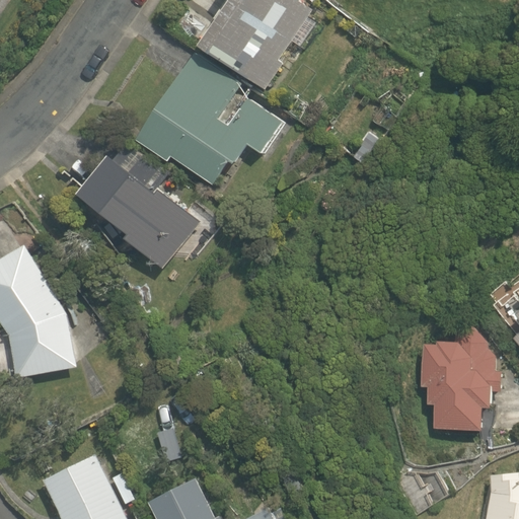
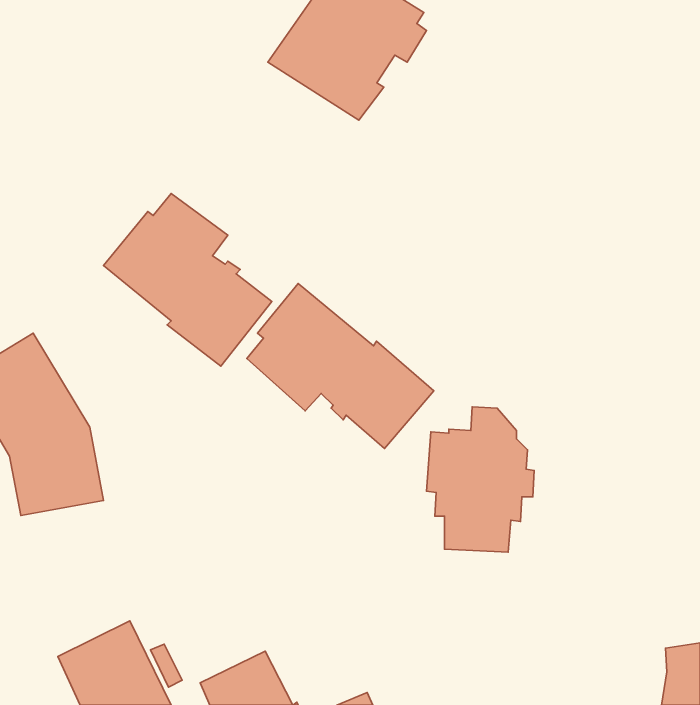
building: [135,52,282,184] -> none
building: none -> [247,284,434,448]
building: [421,324,500,431] -> [427,407,534,552]

